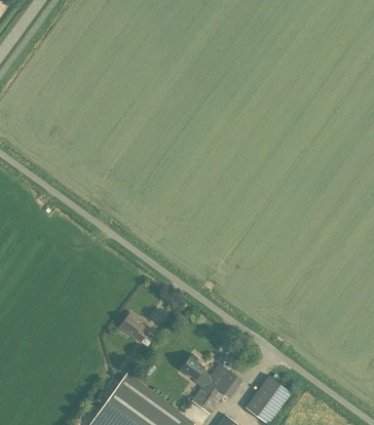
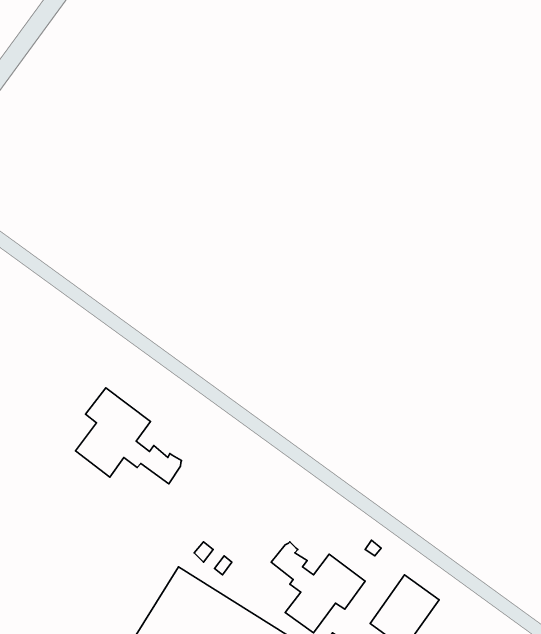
building: none -> [75,388,182,484]
building: [120,313,149,342] -> none

